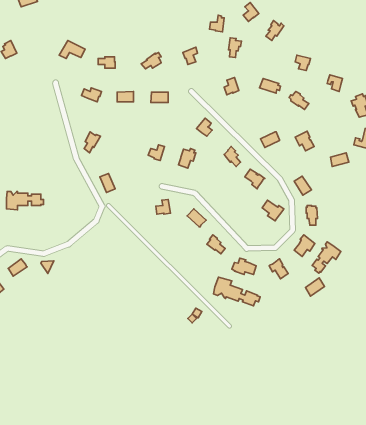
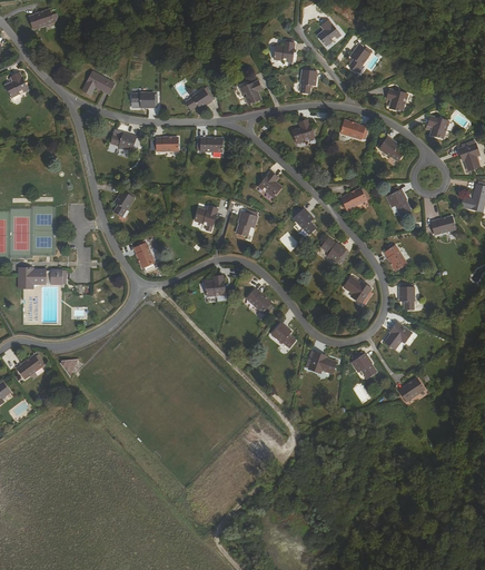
building: [312,242,341,273] -> none
building: [213,277,260,306] -> none

